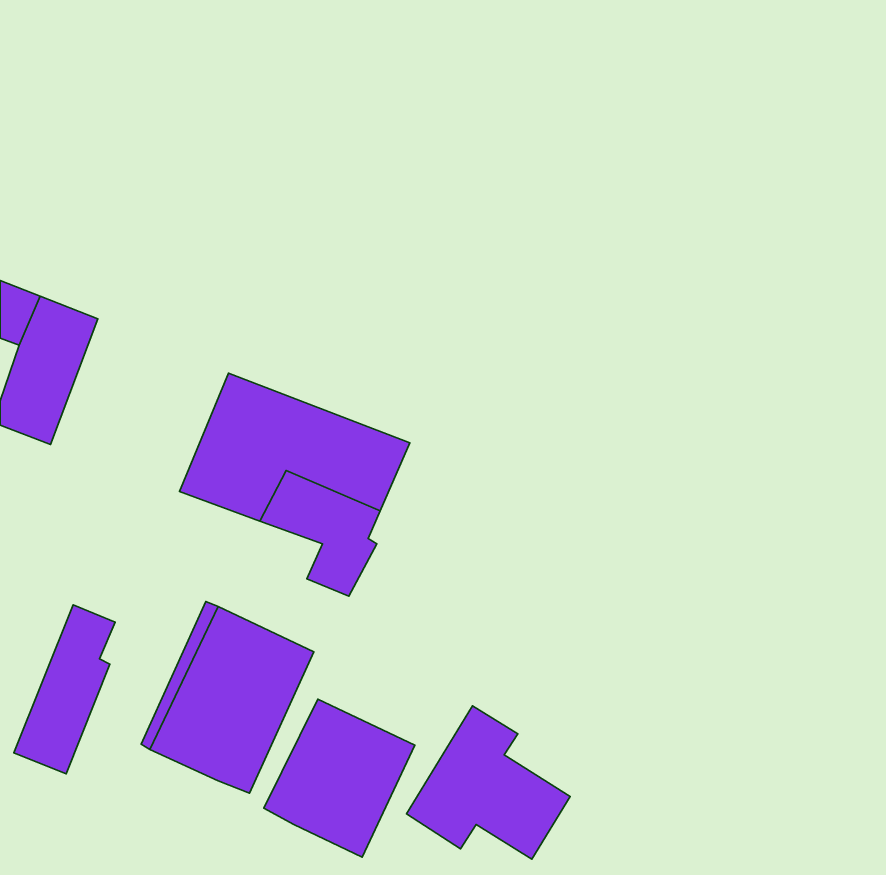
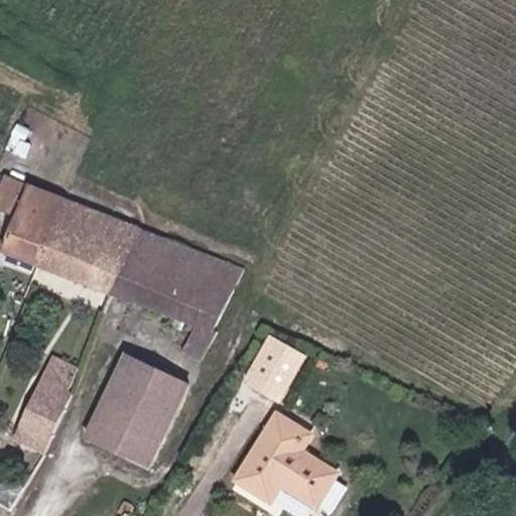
building: none -> [32,194,135,293]
building: none -> [245,335,302,397]
building: [264,699,415,857] -> none

